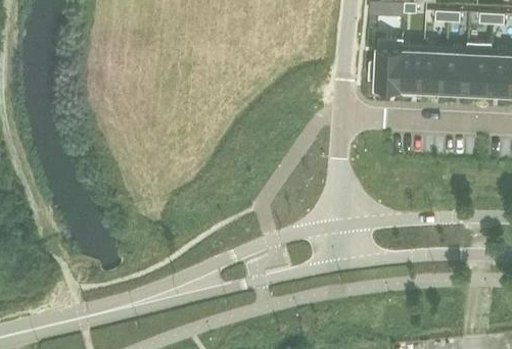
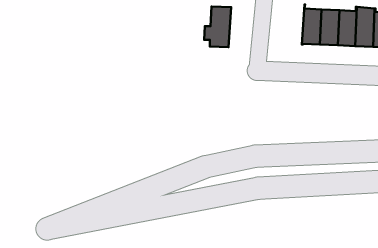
building: [369,39,403,90] -> [204,6,231,47]

